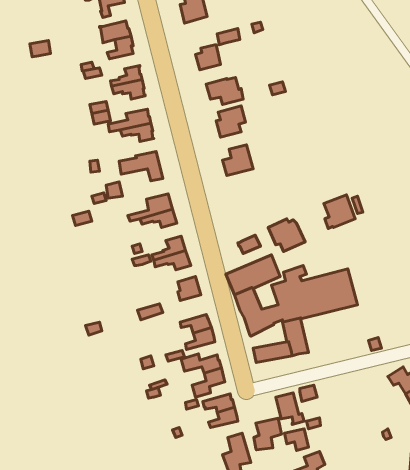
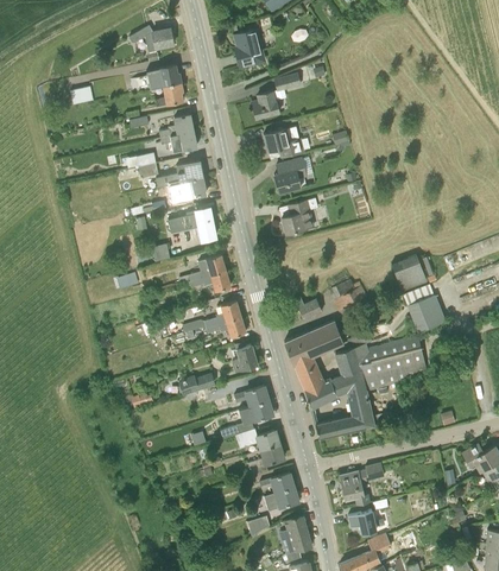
building: none -> [403,285,444,332]
building: [254,418,282,450] -> none

